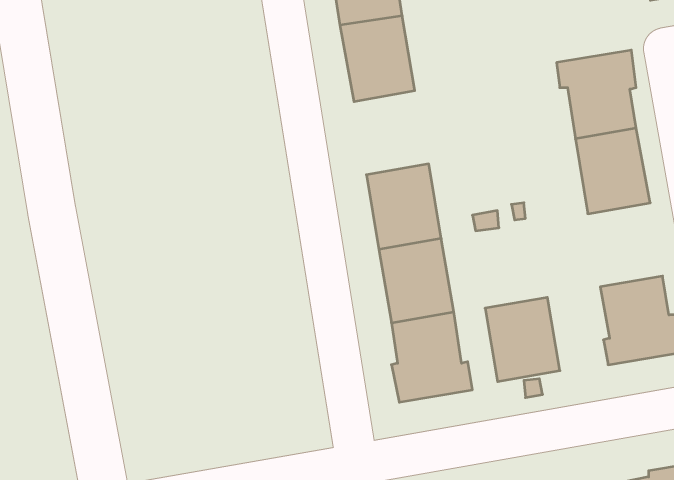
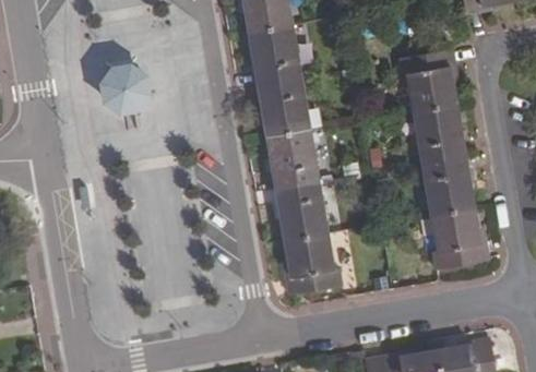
building: none -> [100,63,152,115]
building: none -> [258,77,310,136]
building: [485,297,560,382] -> [421,156,474,215]

